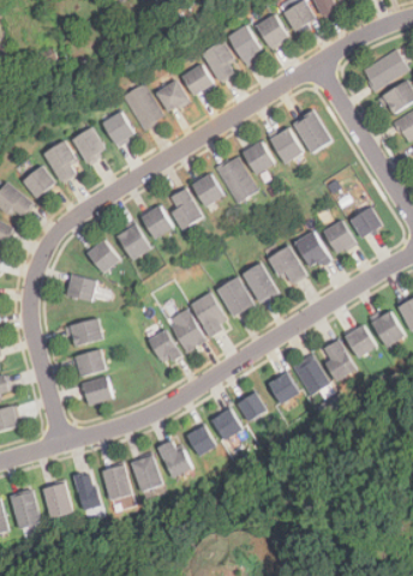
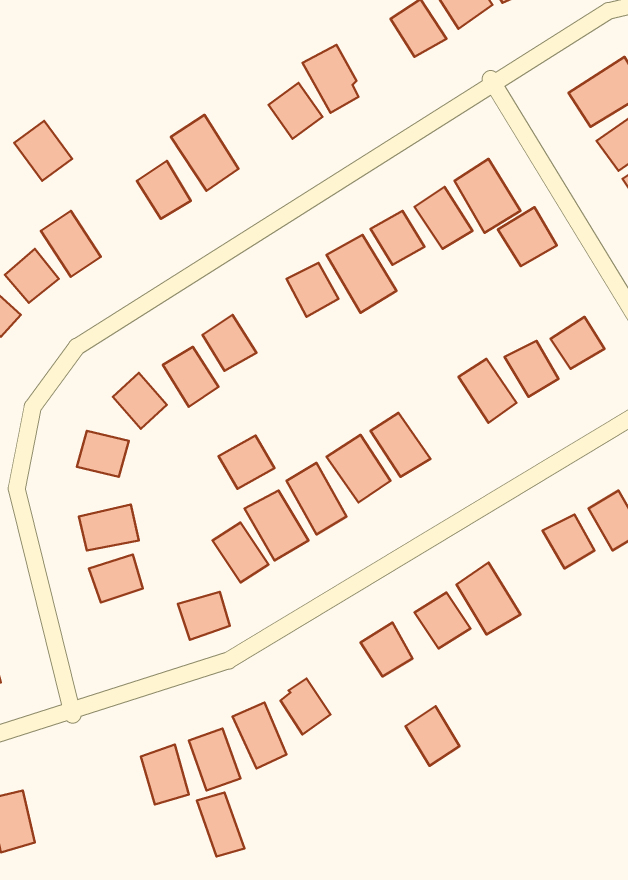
building: [226,25,261,65] -> none
building: [154,80,187,114] -> none
building: [71,128,106,164] -> [14,121,72,181]
building: none -> [498,207,557,266]
building: [166,187,202,228] -> none
building: [268,245,306,287] -> none
building: none -> [219,435,275,489]
building: [319,338,357,379] -> none
building: [80,376,112,404] -> [178,592,230,640]
building: [211,404,244,440] -> [406,706,459,766]
building: [73,470,102,509] -> [197,793,245,857]
building: [43,480,73,518] -> none

